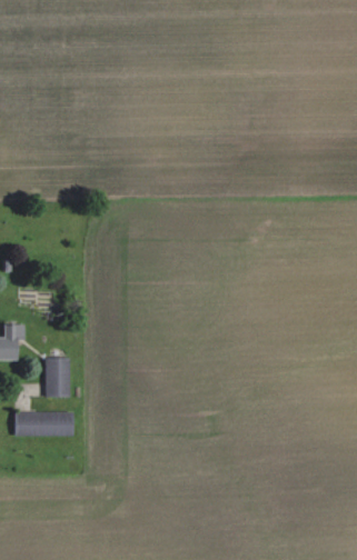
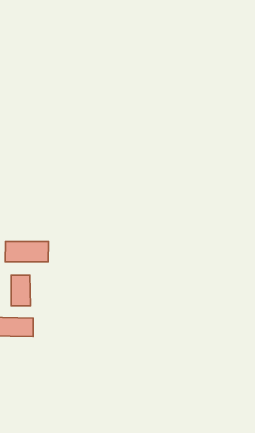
building: none -> [5,241,48,262]

